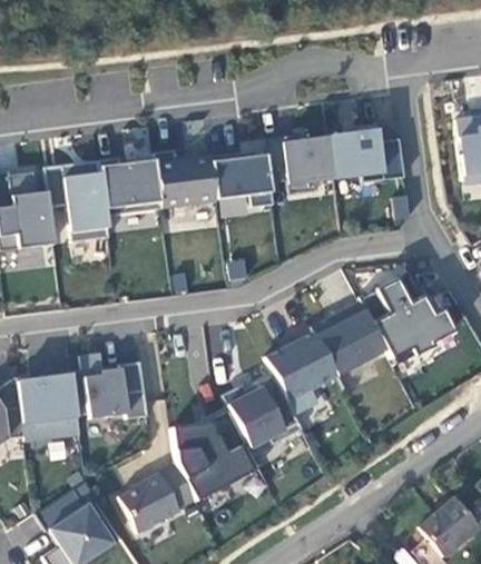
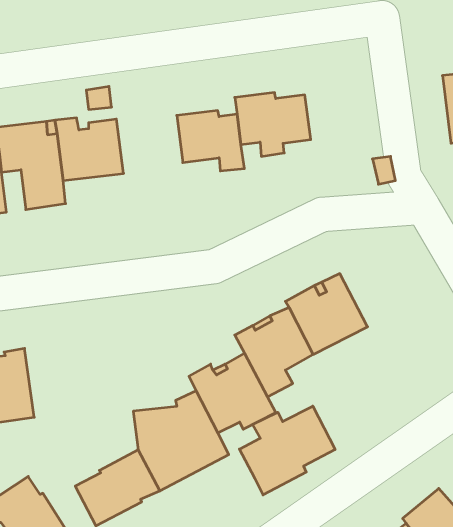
building: [331,123,406,182] -> none
building: [156,149,218,208] -> none
building: [361,270,457,358] -> none
building: [82,353,149,418] -> none
building: none -> [239,406,335,495]

